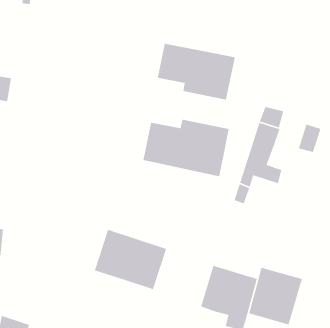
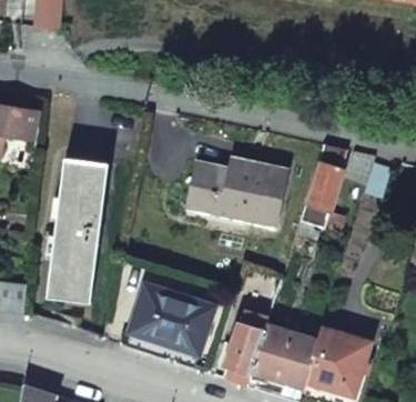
building: [157,43,236,101] -> none
building: none -> [47,160,109,304]
building: none -> [225,314,267,388]

